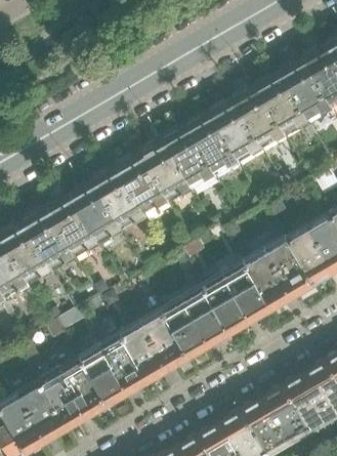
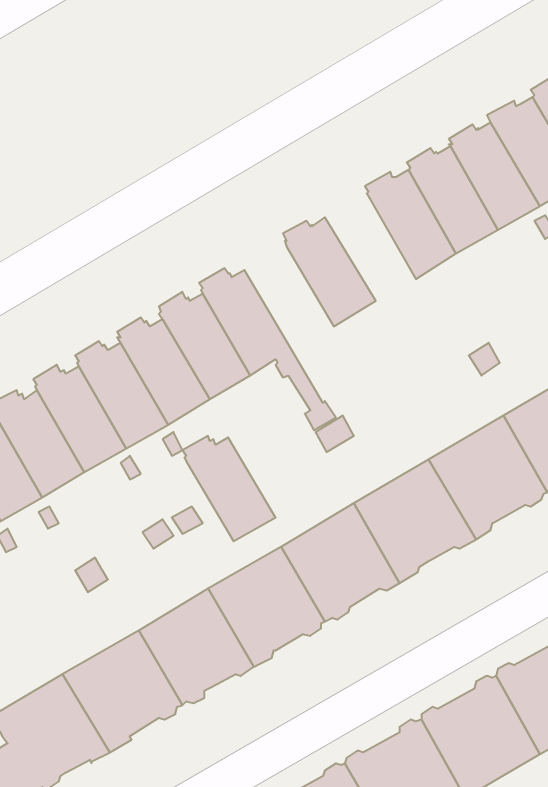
building: [186,114,238,174] -> none
building: [139,142,192,202] -> [183,436,276,541]

